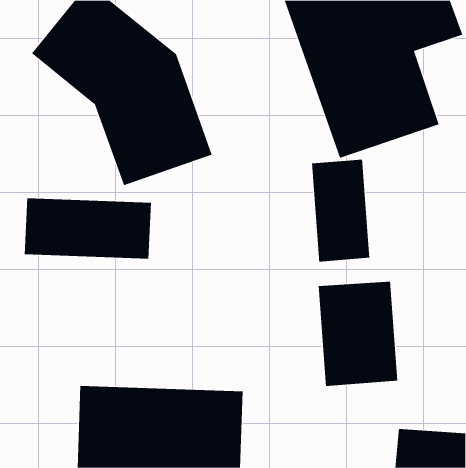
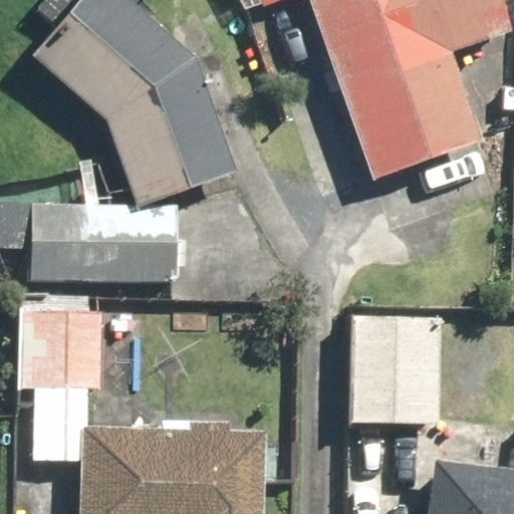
building: [312,159,370,262] -> none
building: none -> [21,302,100,382]

